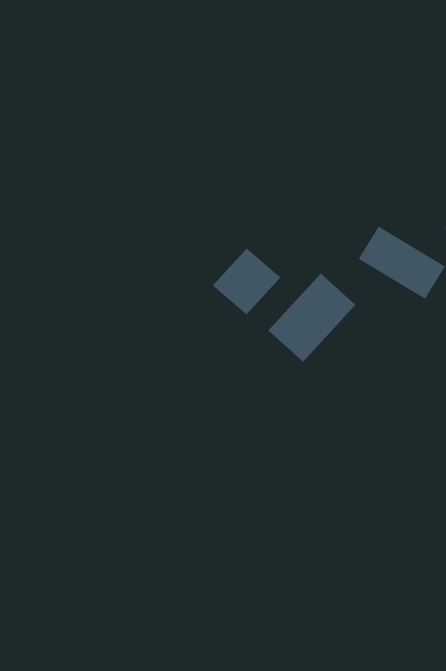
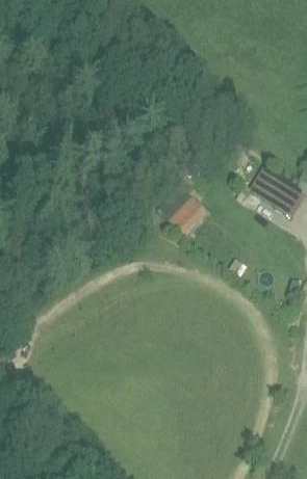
building: [268,273,356,363] -> none

